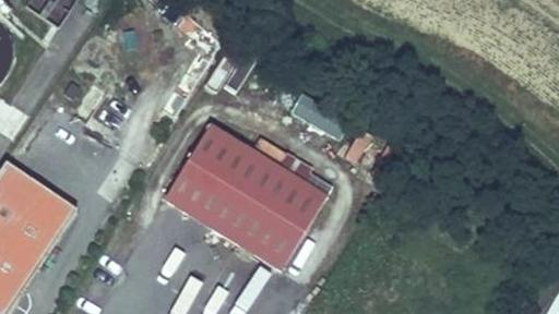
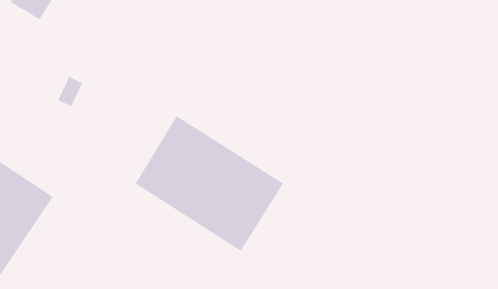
building: [293,90,354,135] -> none

